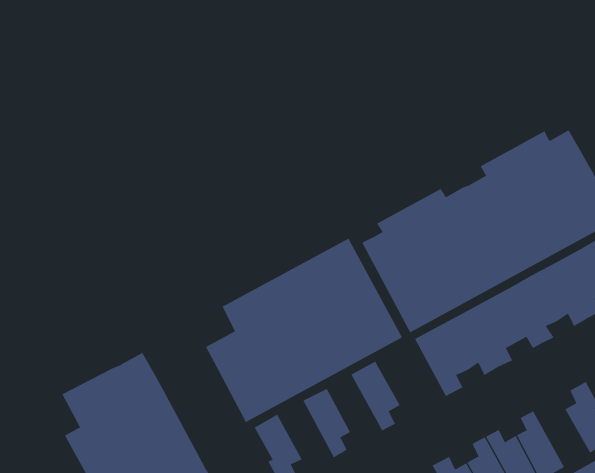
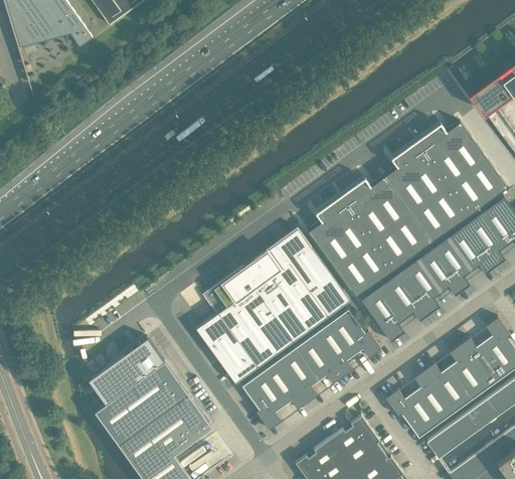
building: none -> [331,309,381,358]
building: none -> [296,335,343,384]
building: none -> [260,360,308,410]
building: none -> [460,337,508,386]

